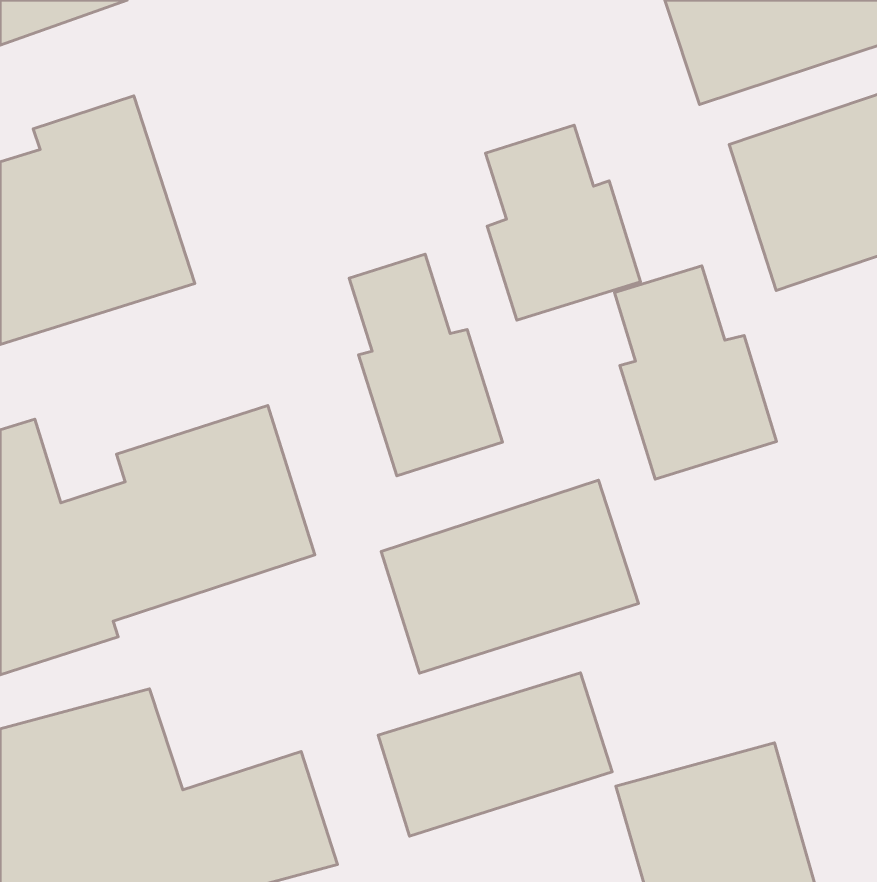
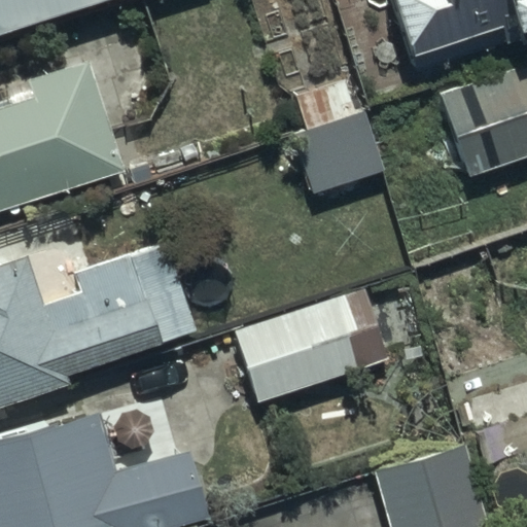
building: [349,254,503,476] -> none
building: [614,266,777,479] -> none
building: [378,673,612,836] -> none

